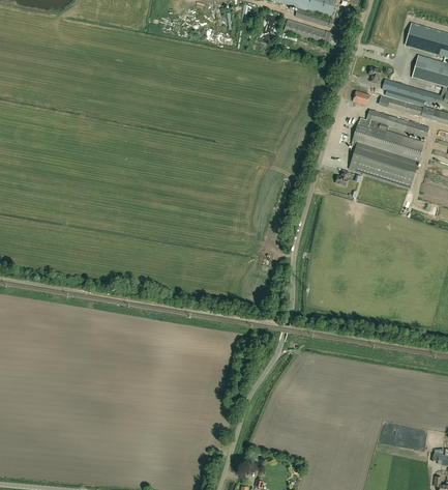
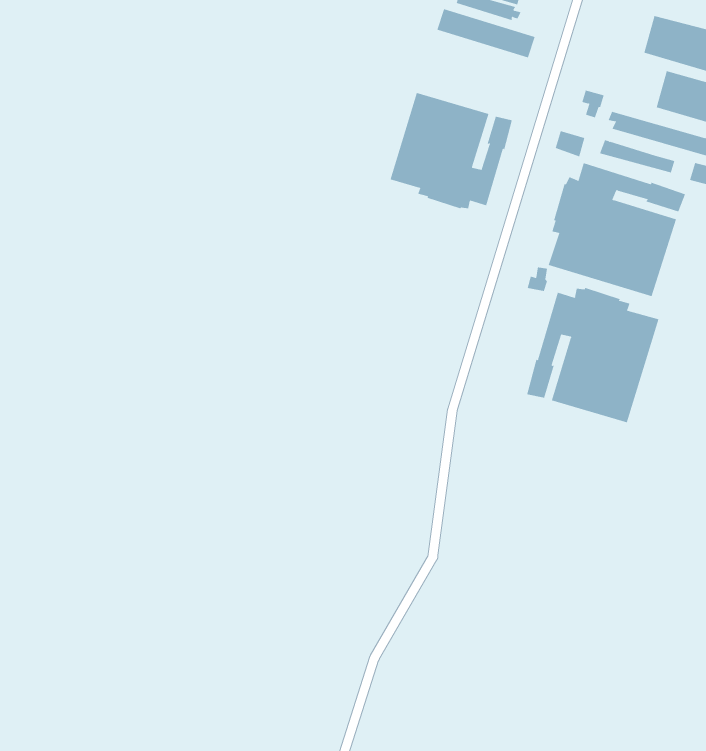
building: none -> [390,92,513,209]
building: none -> [527,287,659,423]

